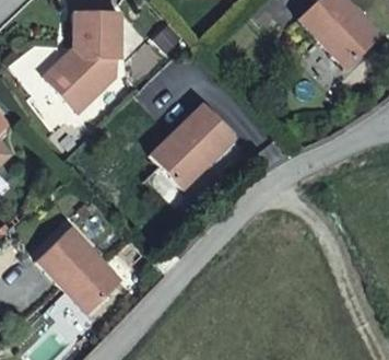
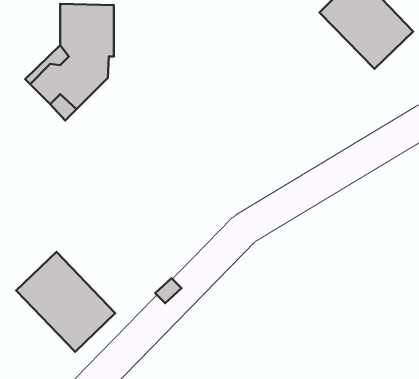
building: [150,105,236,190] -> none

